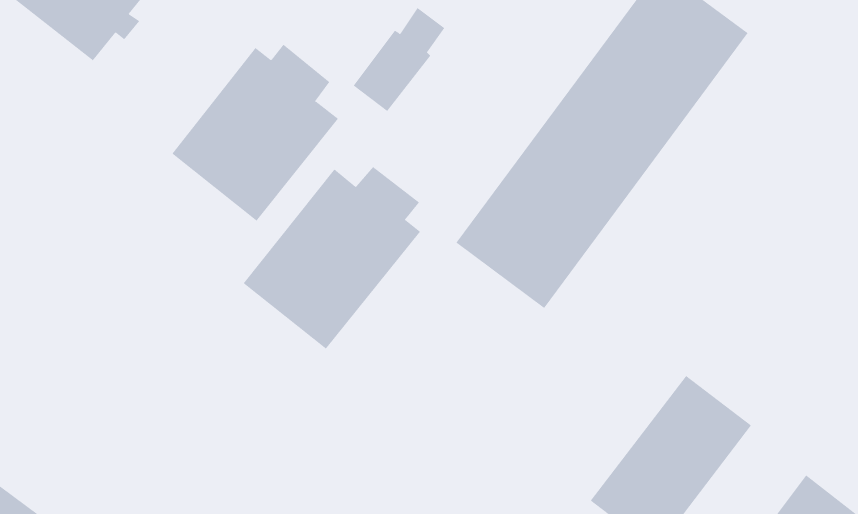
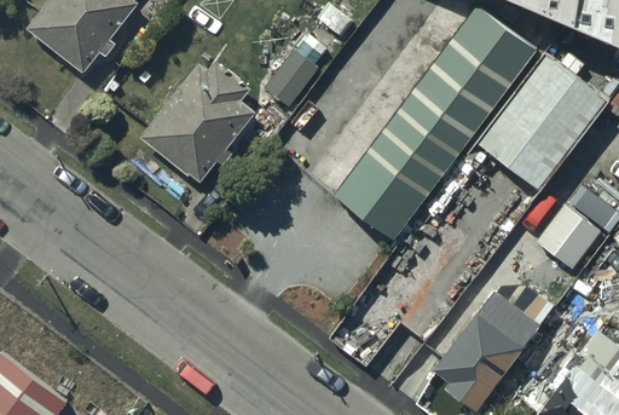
building: none -> [469,52,608,196]
building: [243,166,421,350] -> none
building: none -> [537,203,601,269]

